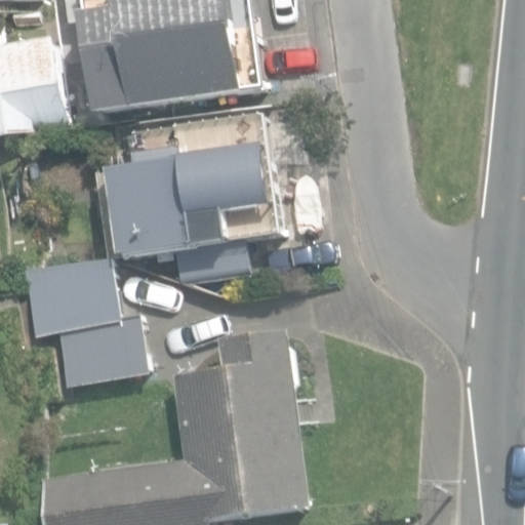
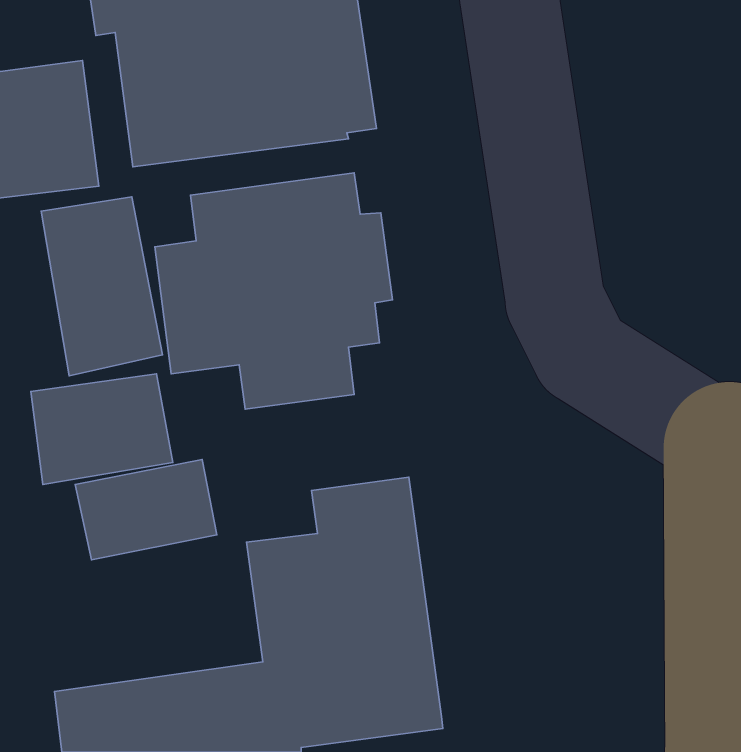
building: none -> [41,197,163,376]

